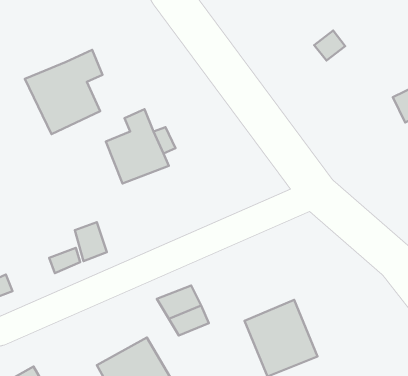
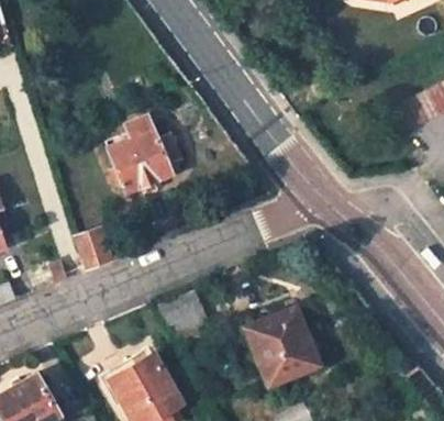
building: [25,50,102,134] -> none

